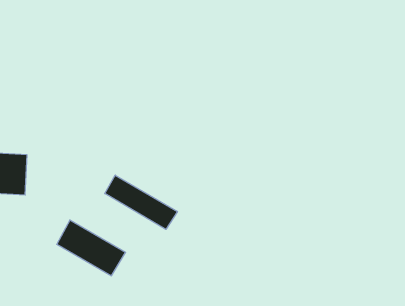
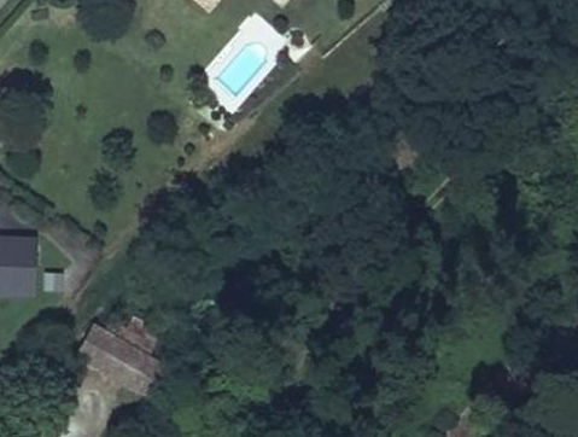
building: [105,175,177,229] -> none

